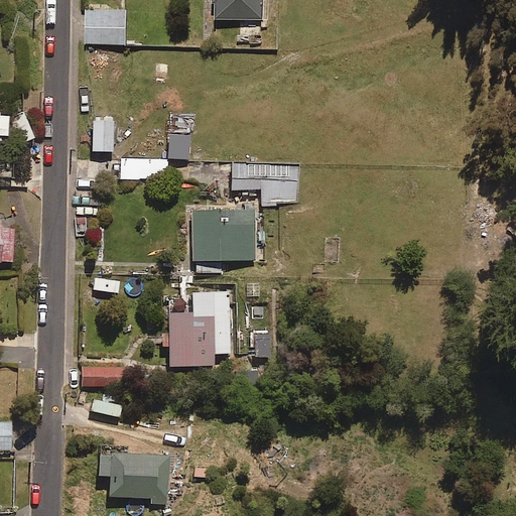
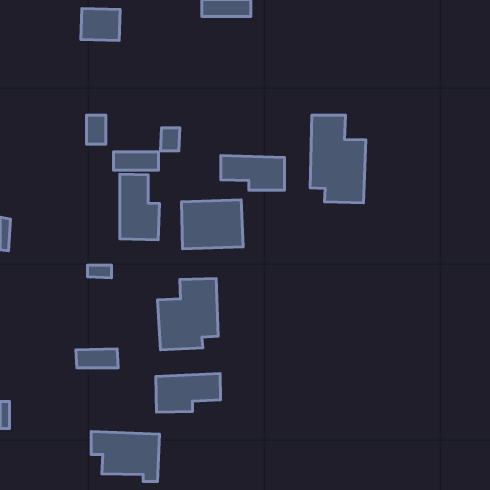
building: none -> [310,115,366,203]
building: none -> [120,174,159,240]
building: none -> [156,374,221,412]

